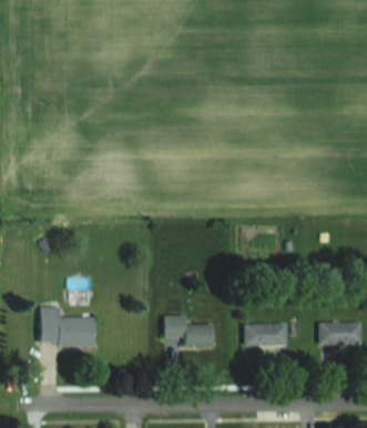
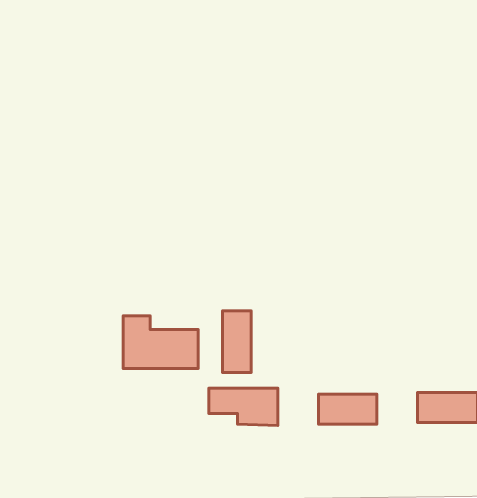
building: none -> [222,311,251,372]
building: [40,308,95,347] -> [123,316,198,368]

